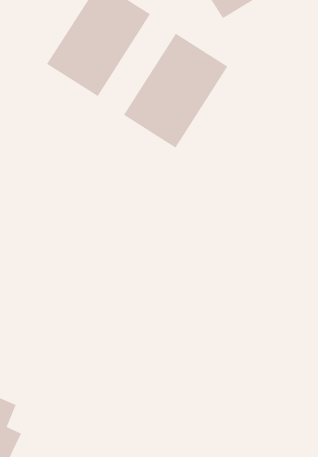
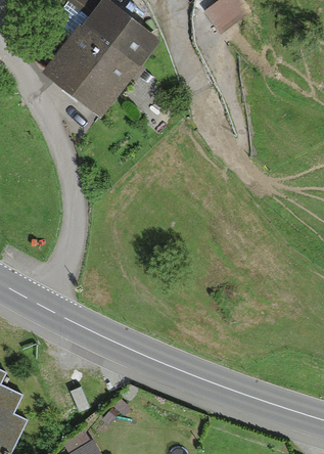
building: [123,33,228,149] -> none

